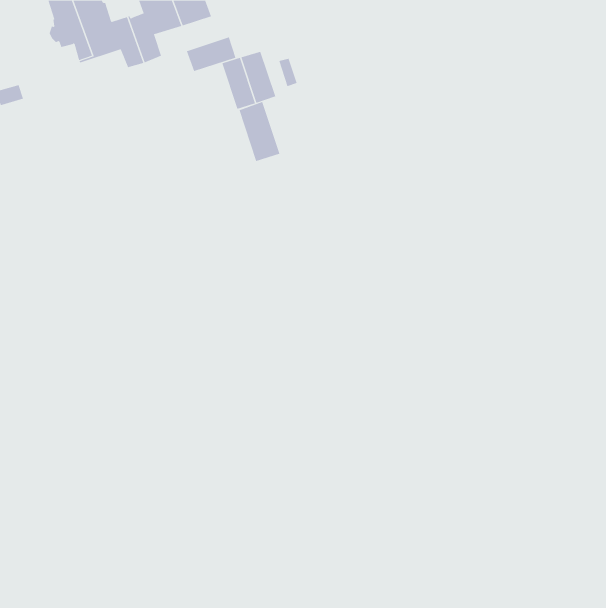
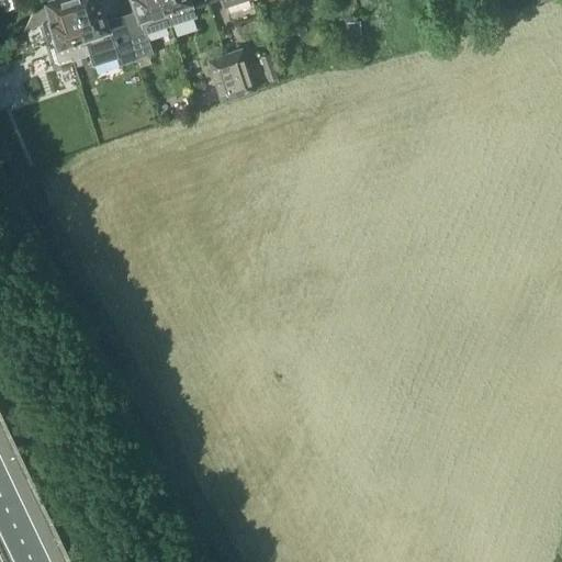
building: [186,36,236,72] -> none
building: [239,101,280,162] -> none

